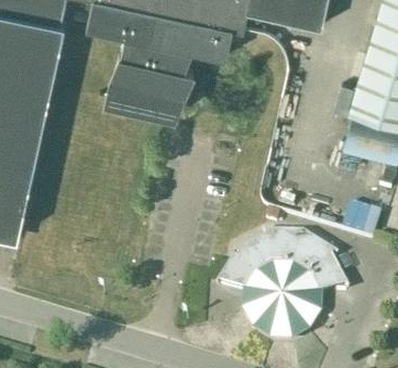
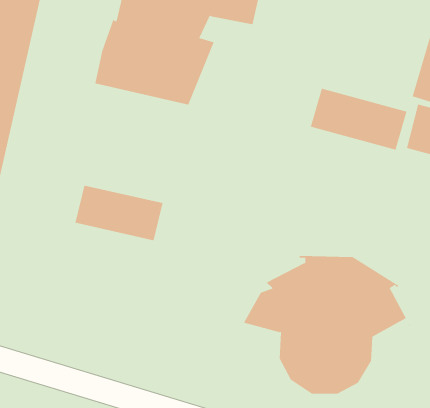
building: none -> [310,88,407,150]
building: none -> [75,185,163,241]

